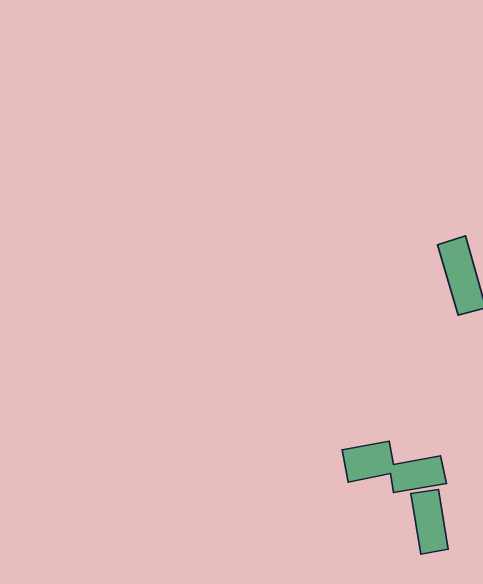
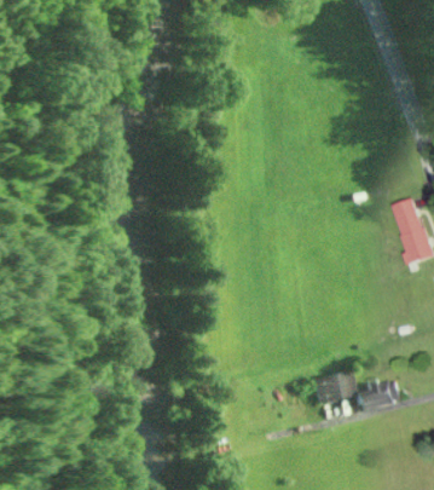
building: [411,490,448,554] -> none

